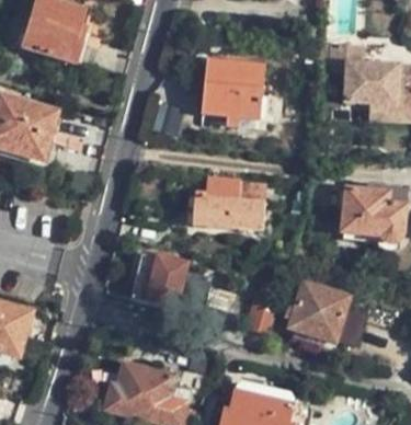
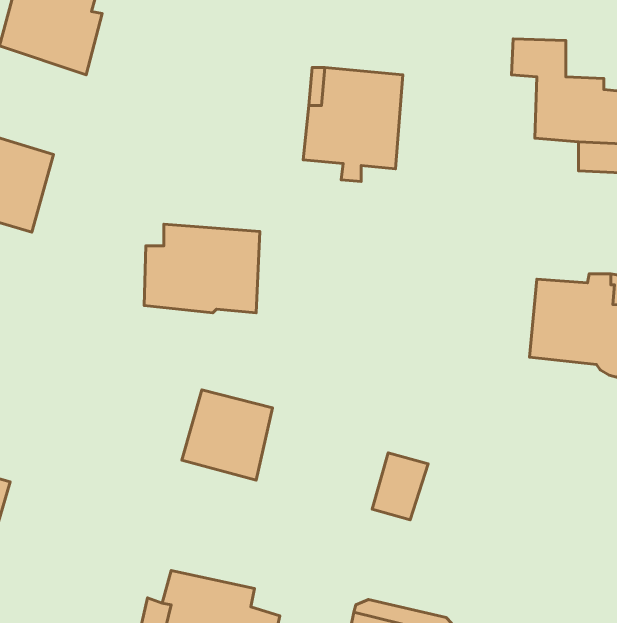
building: [195,175,265,229] -> [144,224,260,313]
building: [290,283,350,342] -> none

